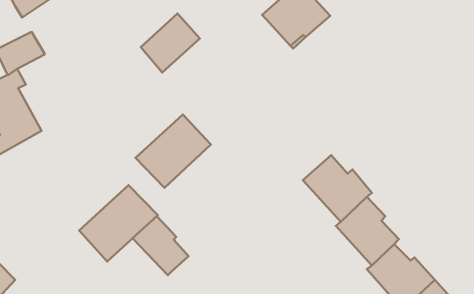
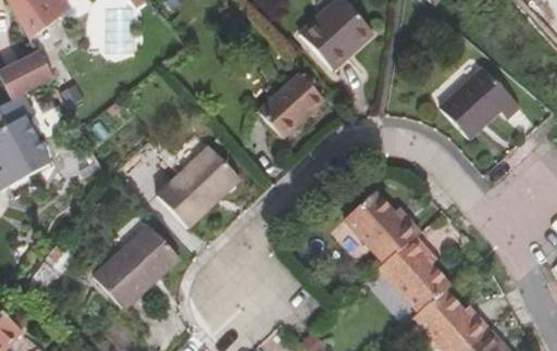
building: [141,13,200,72] -> [258,72,324,138]
building: none -> [440,65,520,139]
building: [133,216,188,275] -> none

